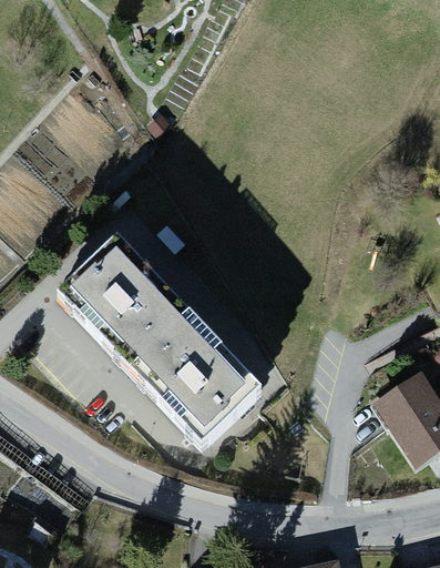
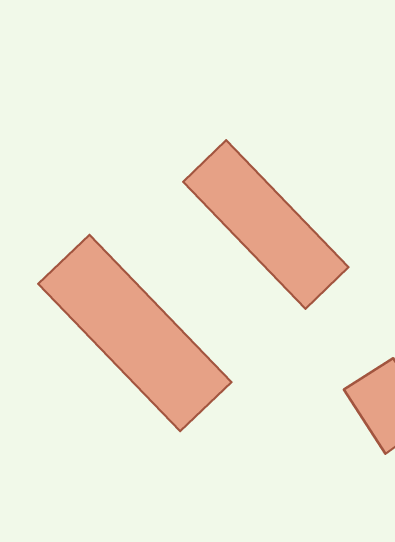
building: none -> [183,140,349,309]

